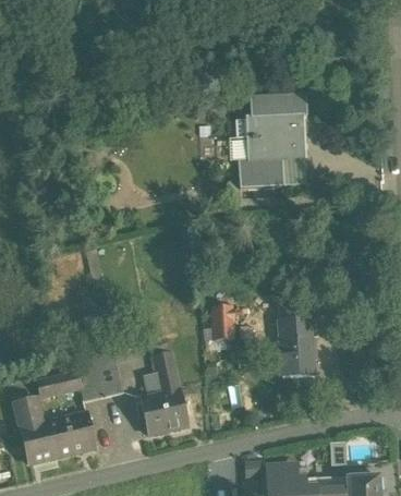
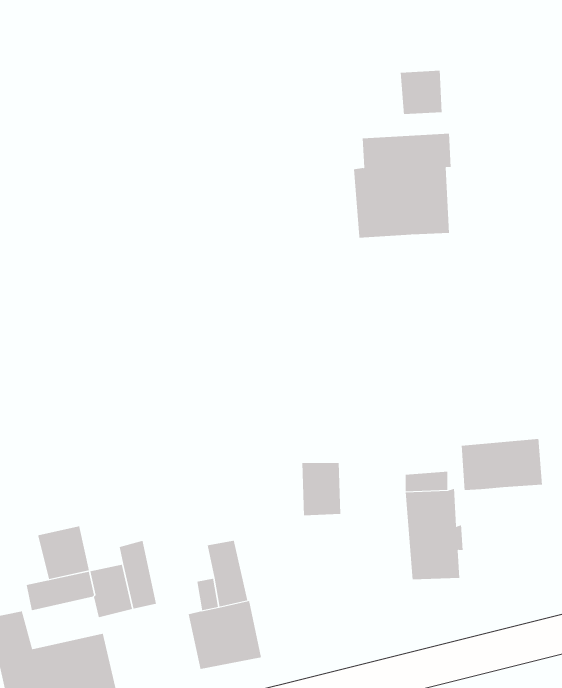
building: none -> [400,70,442,115]
building: [239,159,283,189] -> none
building: none -> [461,438,543,491]
building: none -> [38,525,89,580]

